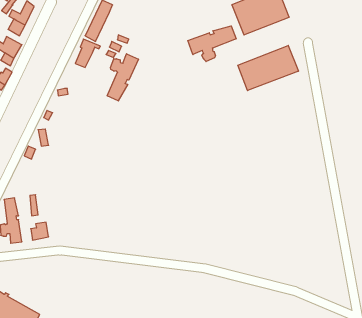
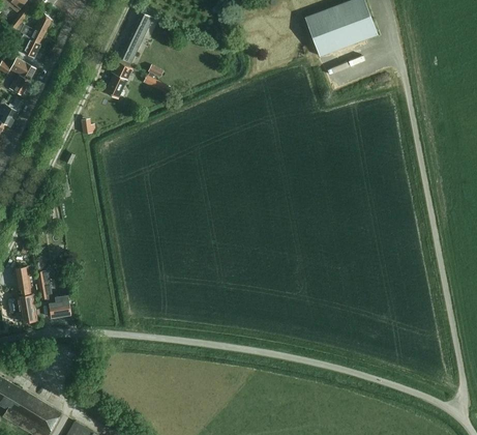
building: [188,26,236,62] -> none
building: [238,45,298,91] -> none
building: [107,54,138,101] -> none

